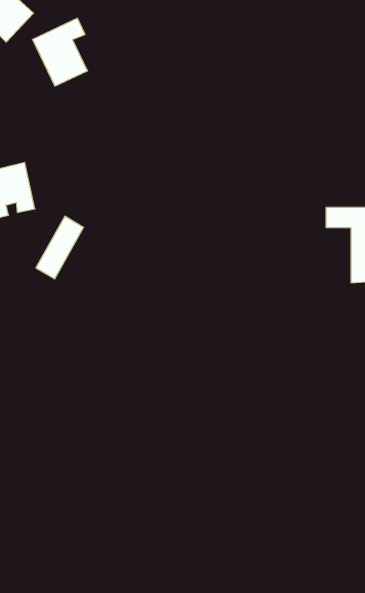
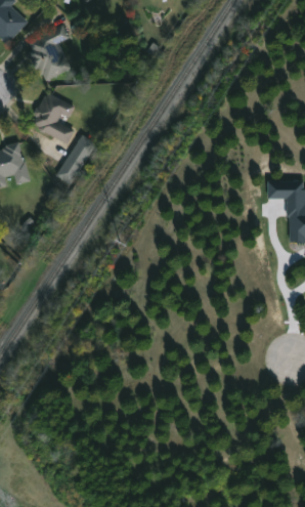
building: none -> [30,96,75,143]
building: [36,216,84,279] -> [57,134,96,185]

